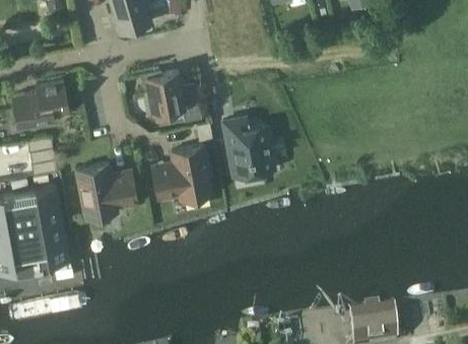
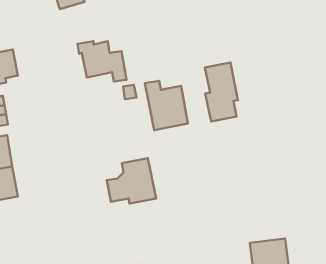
building: none -> [205,62,238,122]
building: [152,143,212,198] -> [107,158,156,204]
building: [76,161,137,216] -> none

